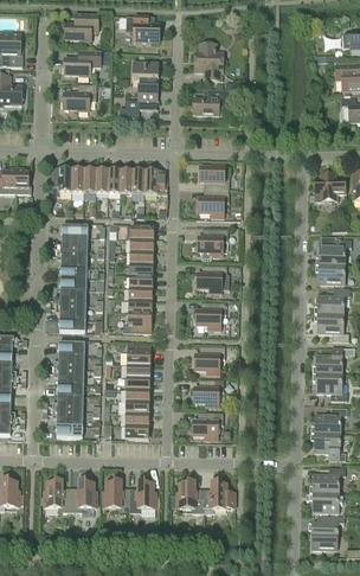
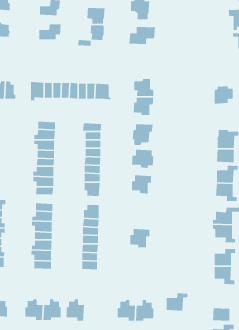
building: [194,346,224,373] -> none
building: [192,411,223,440] -> none
building: [313,466,345,493] -> [166,292,188,311]
building: [128,480,155,512] -> none

